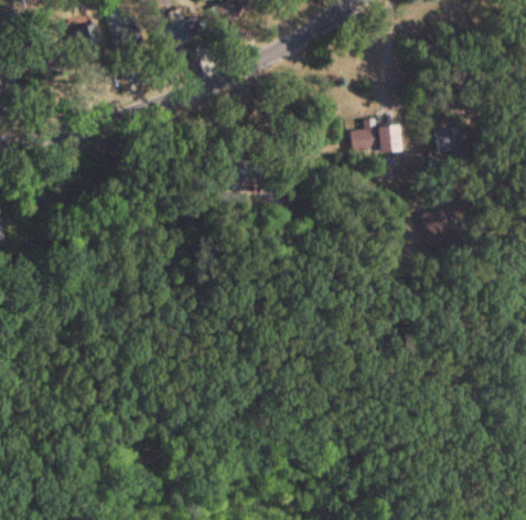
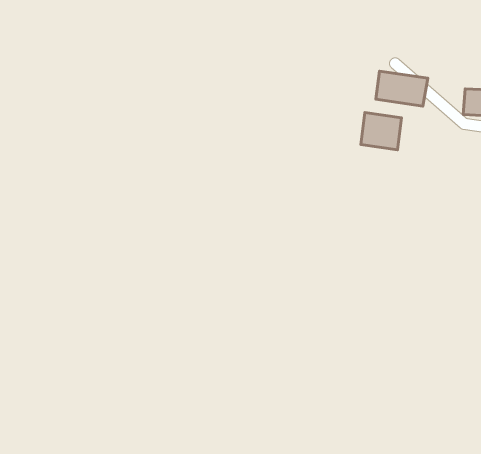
building: none -> [361,112,401,150]

